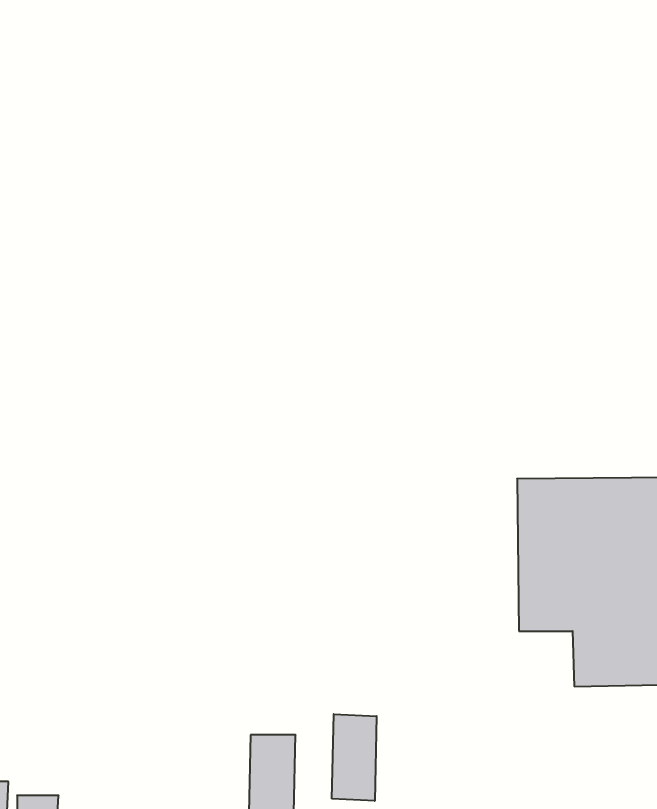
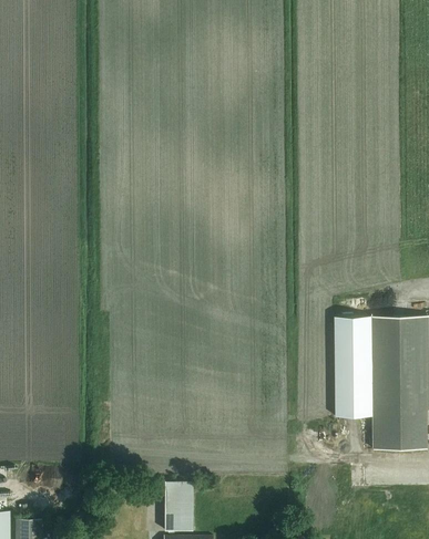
building: [332,714,377,801] -> none

